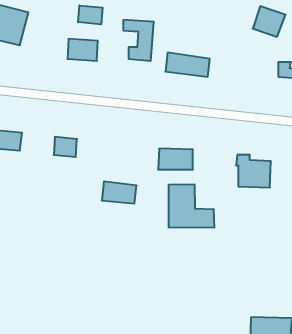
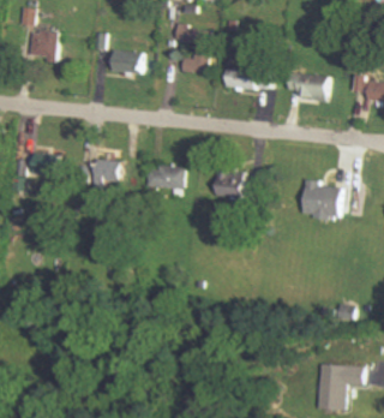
building: [78,5,103,24] -> none
building: [253,6,286,37] -> [296,68,334,103]
building: [102,181,137,204] -> [143,165,182,190]
building: [169,184,214,228] -> none

